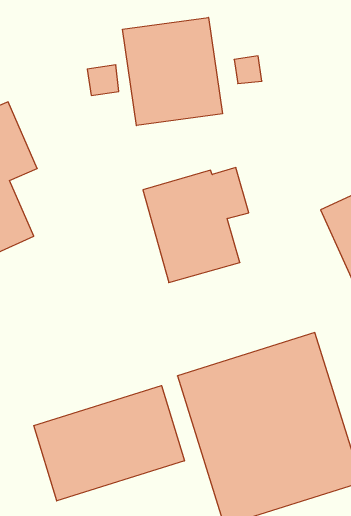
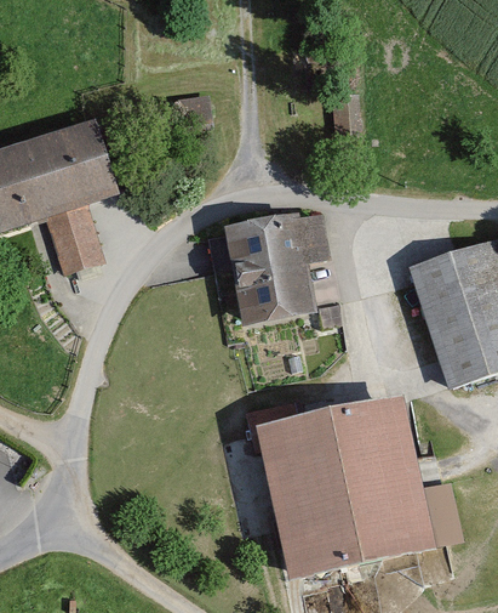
building: [123,17,222,126] -> none
building: [34,386,184,501] -> none

